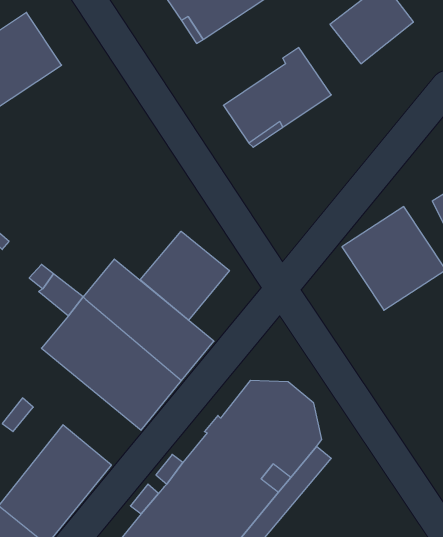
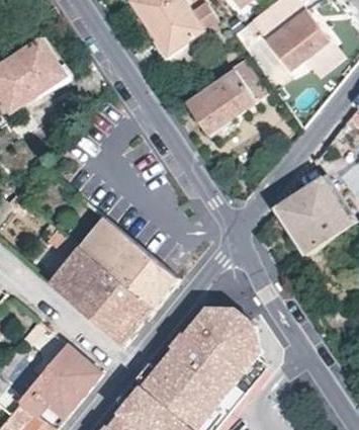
building: [140,231,229,320] -> none

